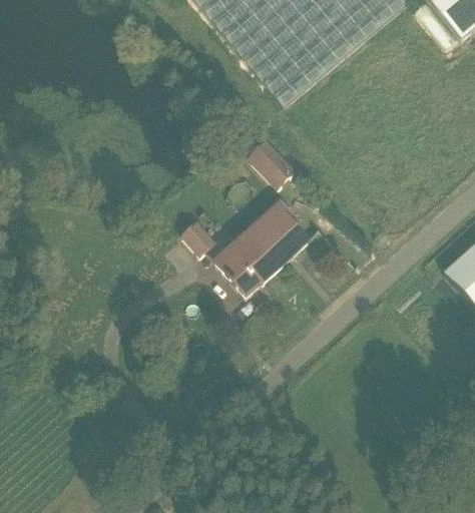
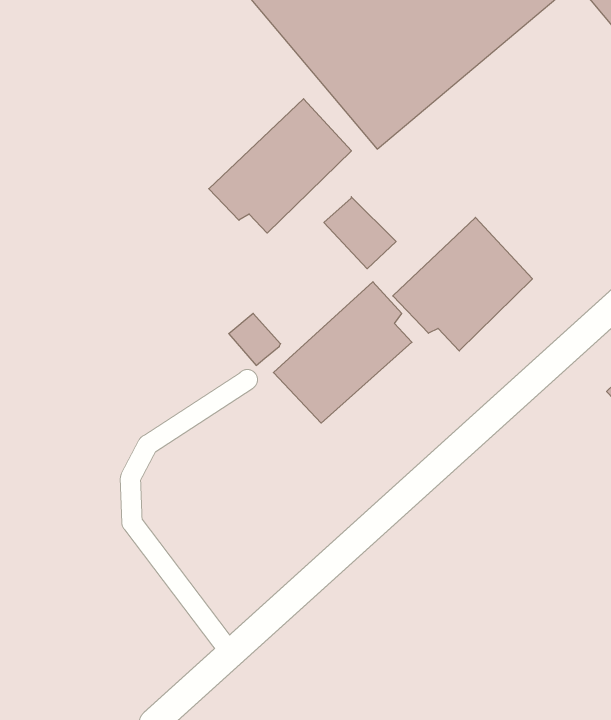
building: none -> [209,99,351,233]
building: none -> [393,217,532,351]

